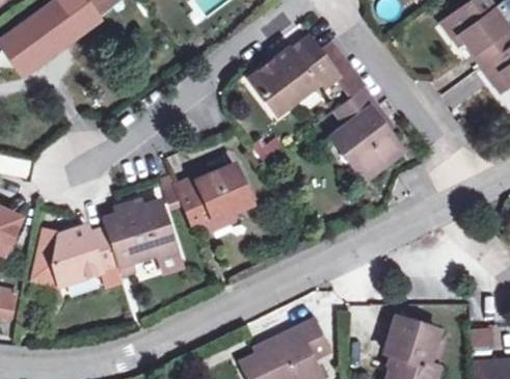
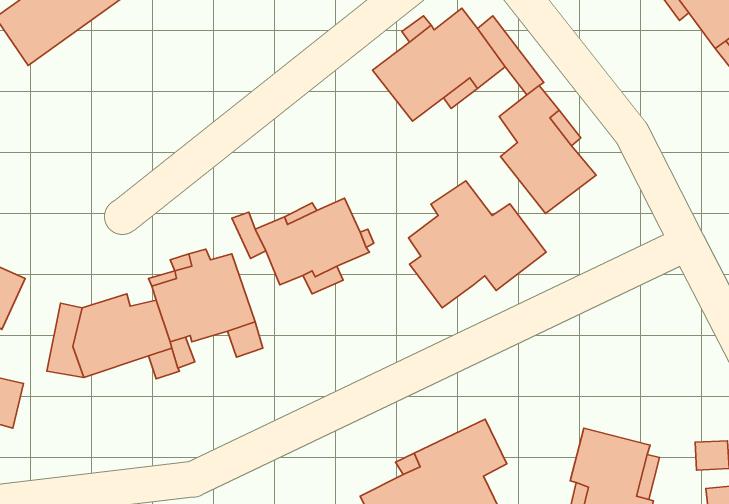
building: none -> [409,181,546,308]

